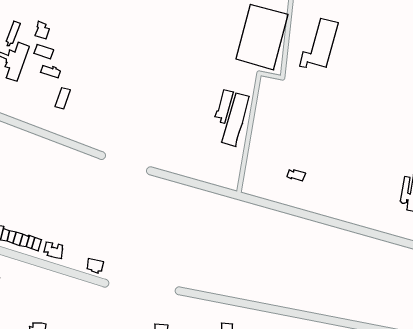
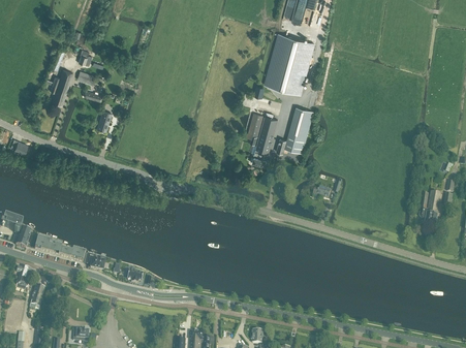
building: [300,18,338,67] -> [276,106,312,152]

